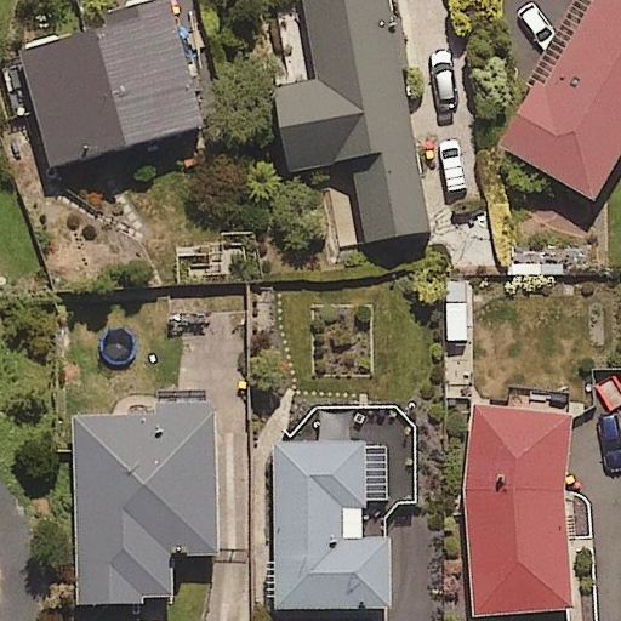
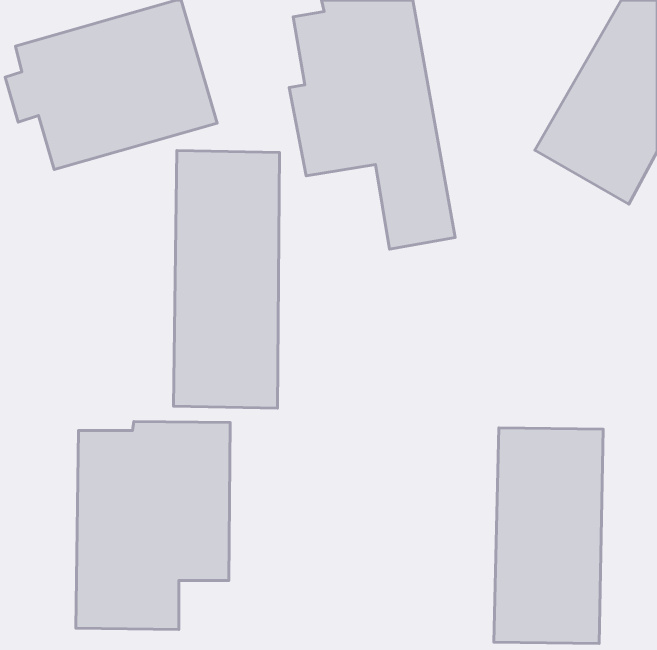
building: none -> [173,151,280,408]
building: [273,412,415,609] -> none

